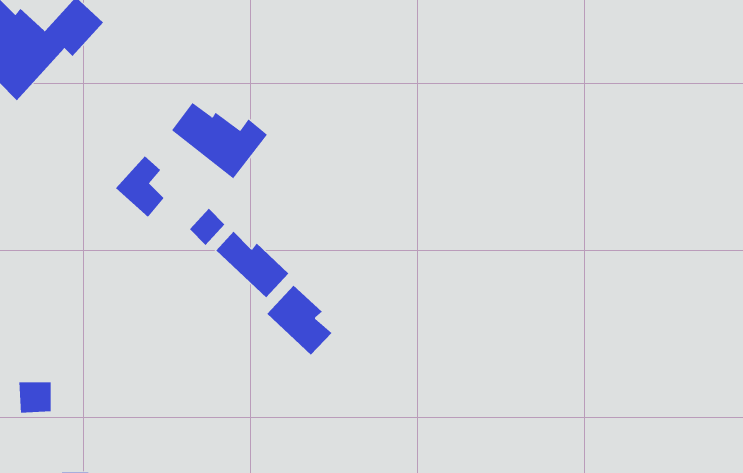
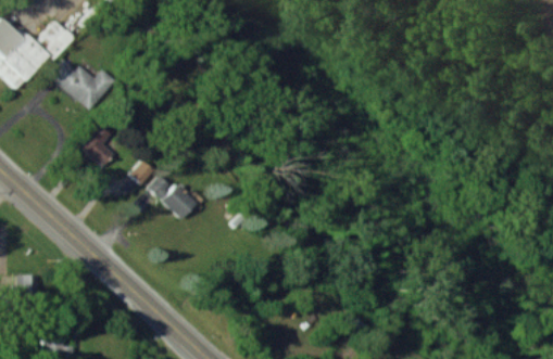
building: [171,102,268,179] -> [49,59,113,110]
building: [266,285,333,356] -> none

